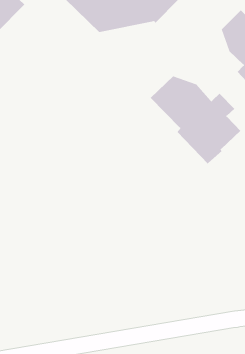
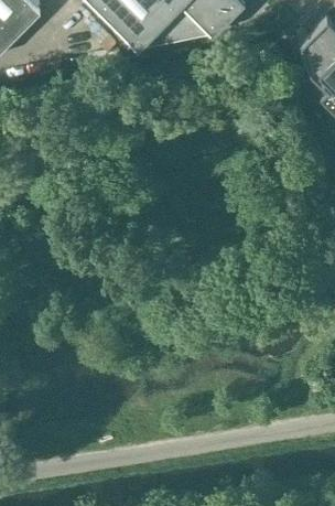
building: [150,75,241,164] -> none

